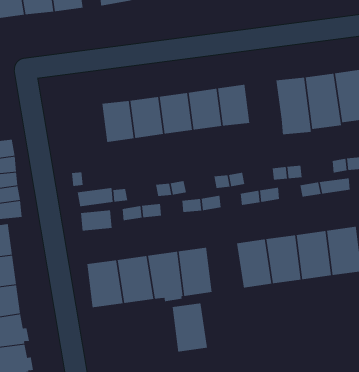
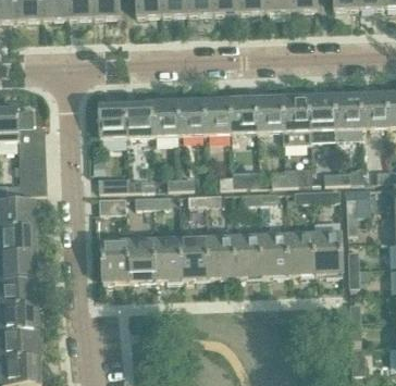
building: none -> [256,96,284,132]
building: none -> [99,98,128,137]
building: [172,303,208,352] -> [208,236,236,277]

